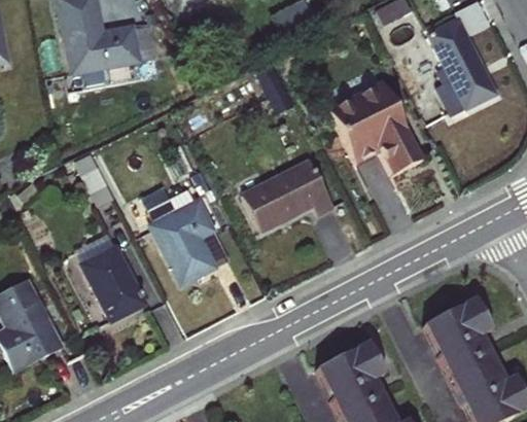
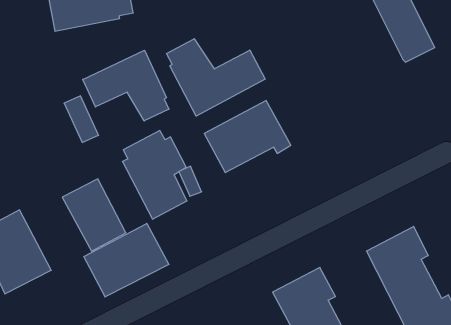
building: [329,82,424,171] -> none
building: none -> [167,39,265,116]
building: none -> [83,50,169,121]
building: none -> [84,223,169,297]

